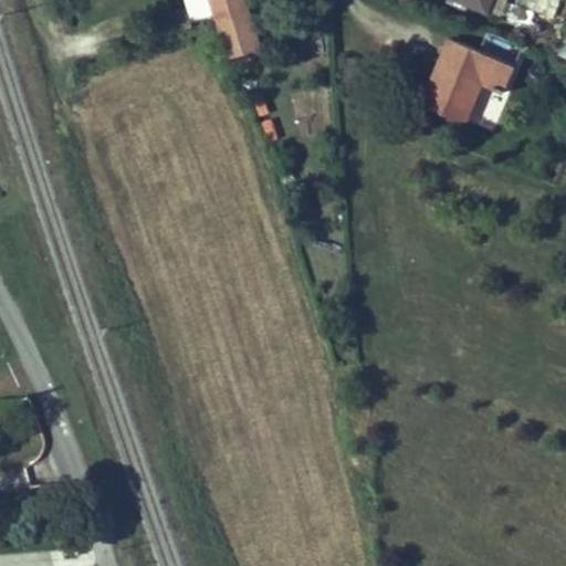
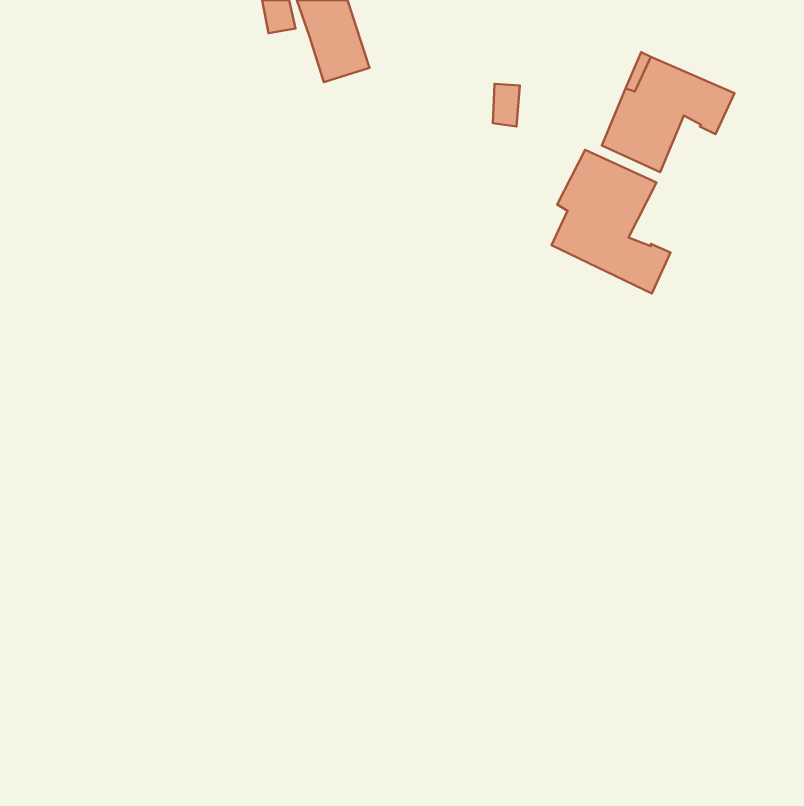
building: none -> [552,150,671,294]

